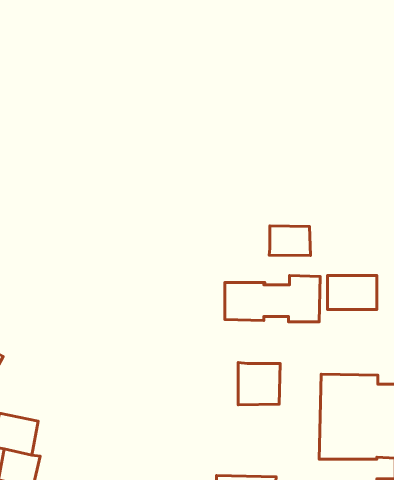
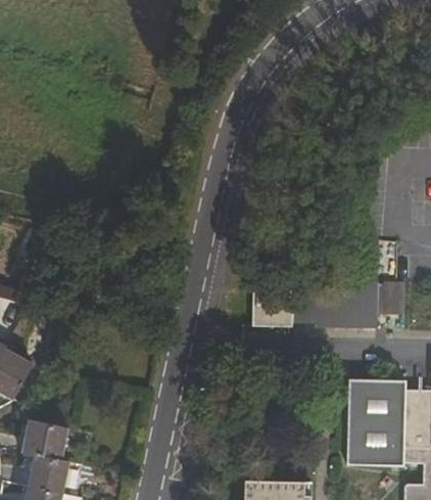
building: [269,226,311,255] -> none
building: [238,362,280,405] -> none

